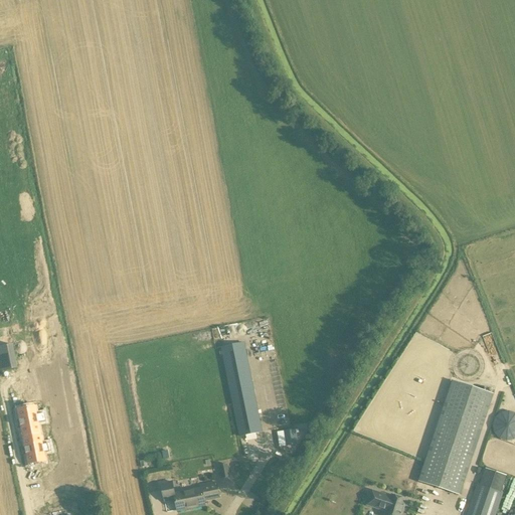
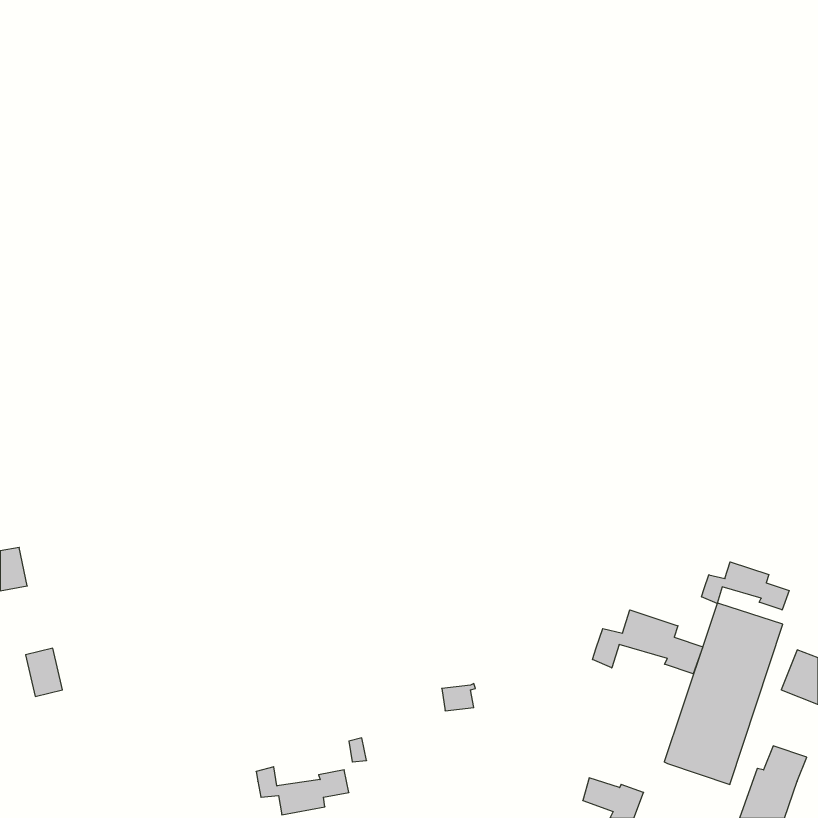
building: [220,342,263,438] -> none
building: none -> [702,562,789,610]
building: none -> [593,610,703,674]
building: [22,434,44,464] -> none

